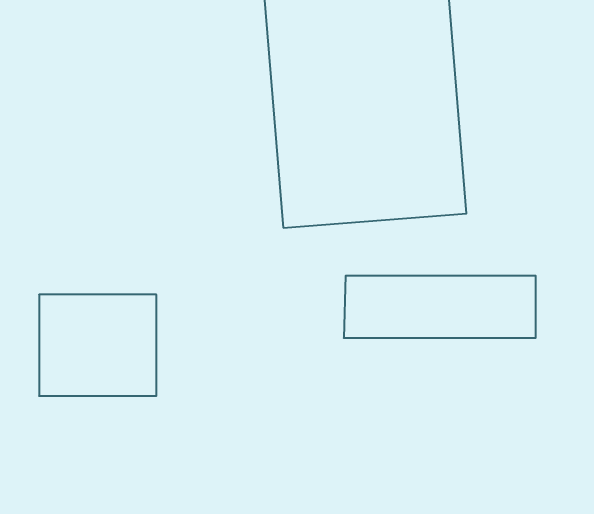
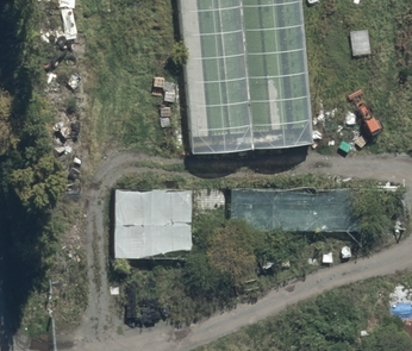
building: [39,295,156,396] -> [114,189,193,257]

